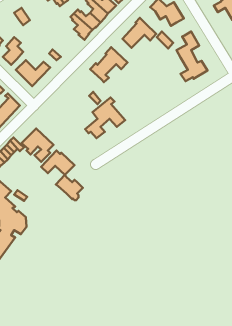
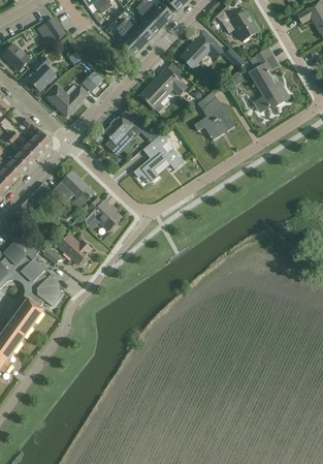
building: none -> [194,92,235,140]
building: none -> [104,114,134,147]
building: [56,175,83,200] -> [58,233,92,265]

